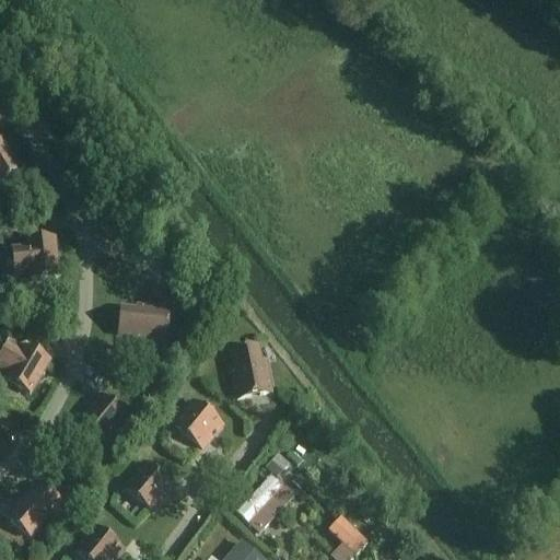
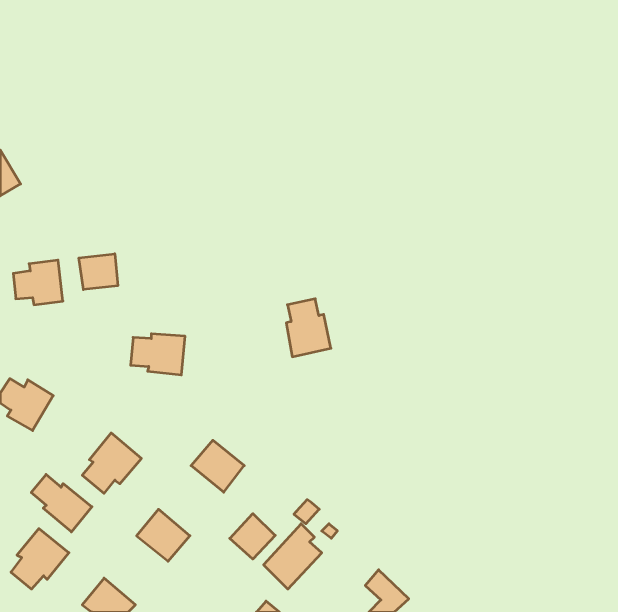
building: none -> [79,254,118,290]
building: [231,343,271,396] -> [286,299,331,357]
building: none -> [31,474,92,532]
building: none -> [230,514,275,559]

